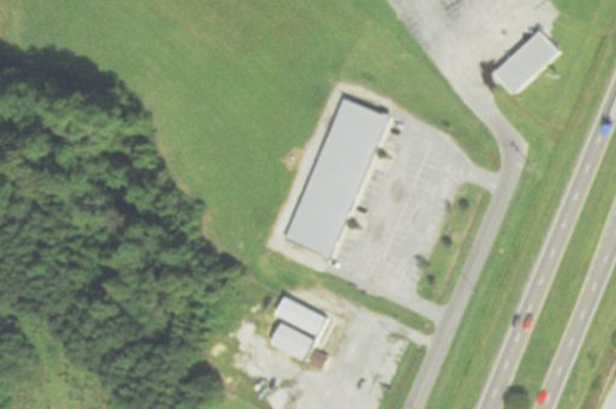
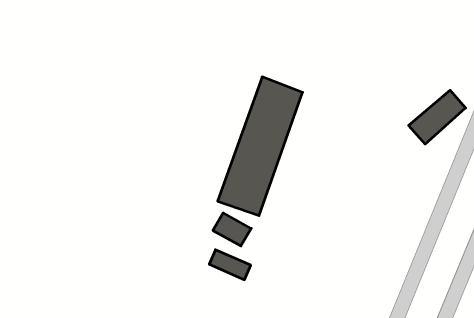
building: [492,30,558,93] -> [409,90,466,144]
building: [270,321,314,360] -> [213,213,251,246]

